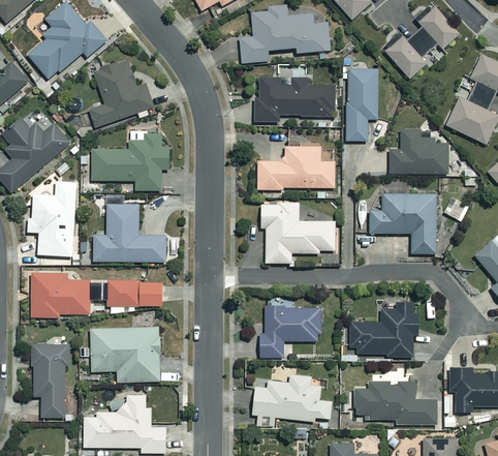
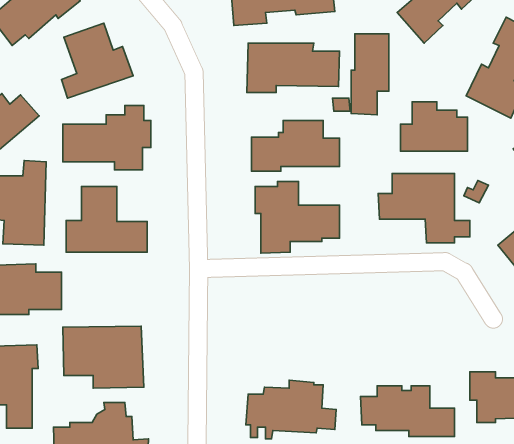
building: [107,278,161,312] -> none
building: [259,295,321,357] -> none
building: [349,301,419,357] -> none

